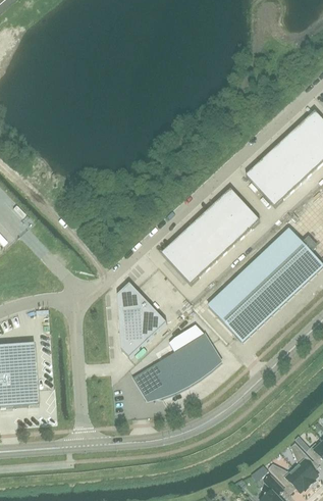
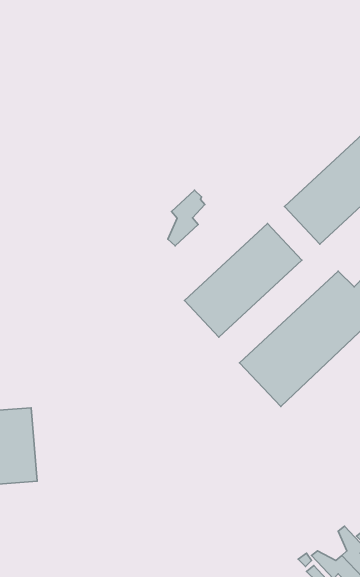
building: none -> [168,190,205,246]
building: [117,282,167,357] -> none
building: [133,324,221,397] -> none

